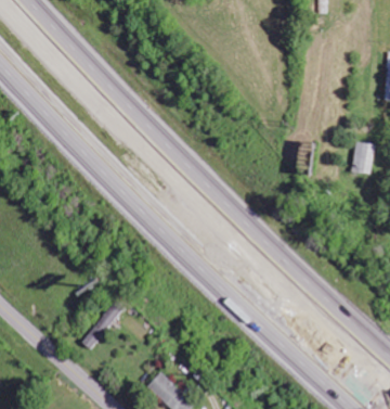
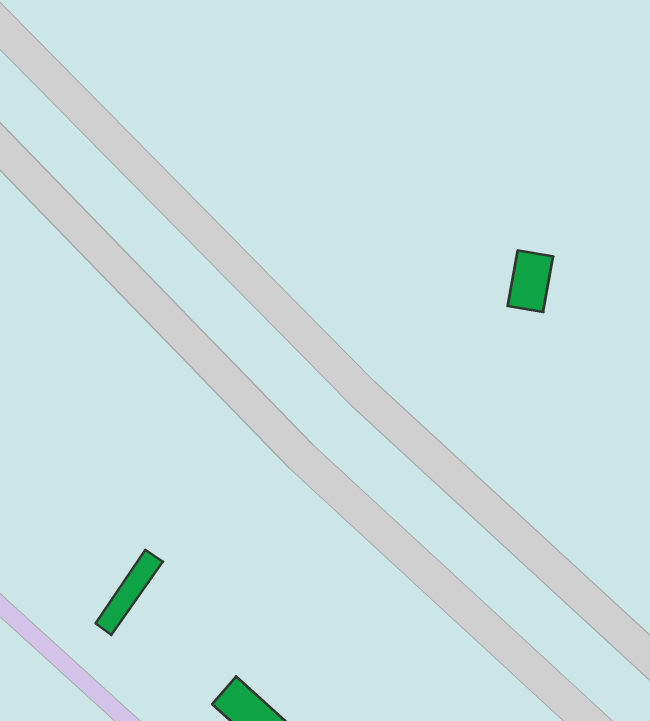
building: [351,141,376,175] -> [508,251,553,312]

